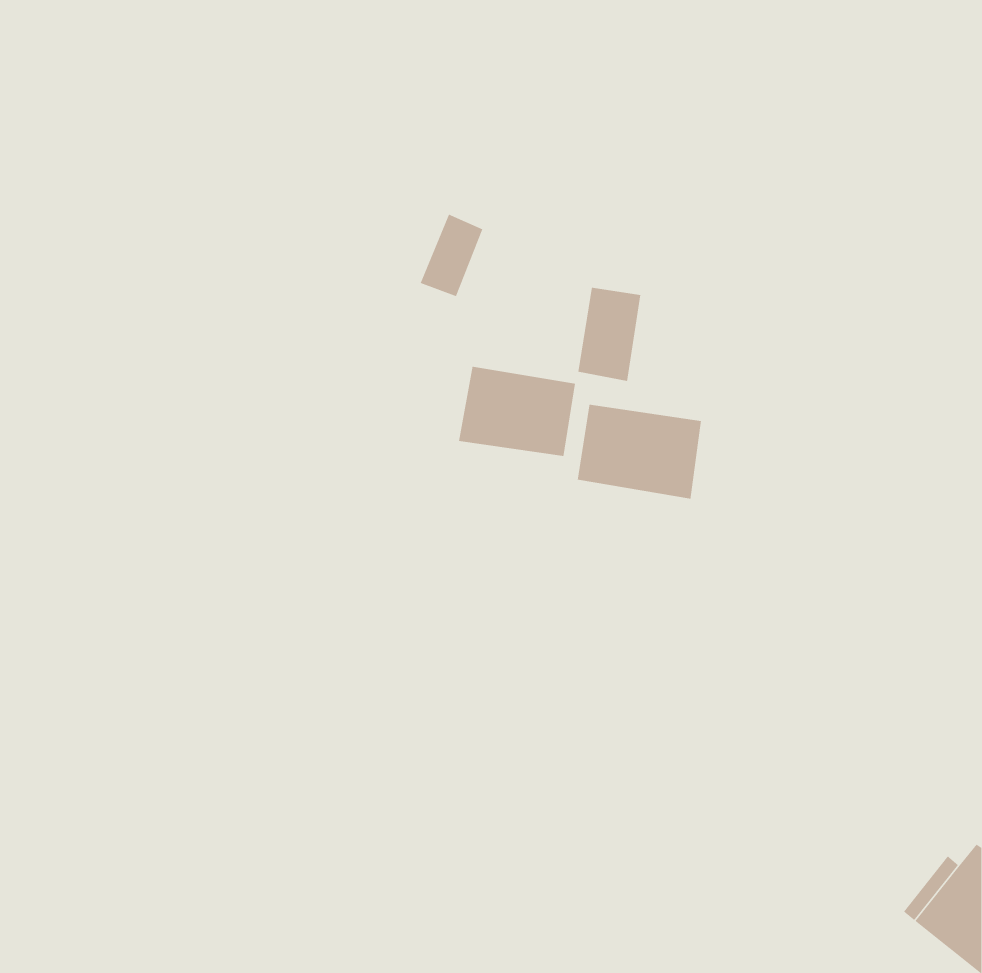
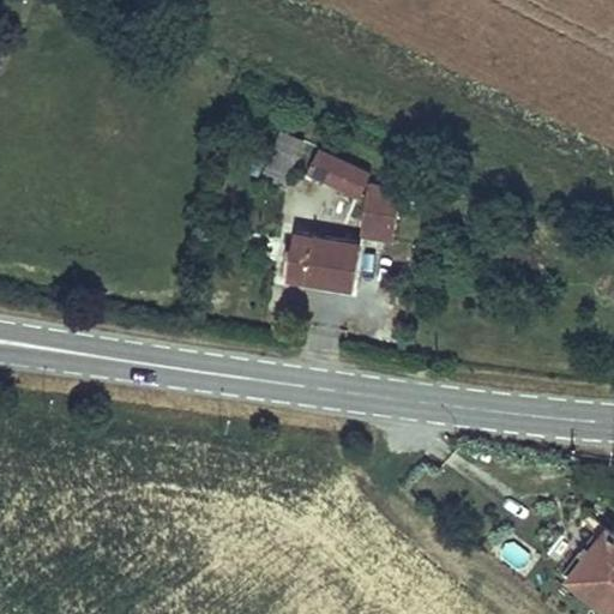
building: none -> [308,151,371,198]
building: [577,404,702,499] -> none

